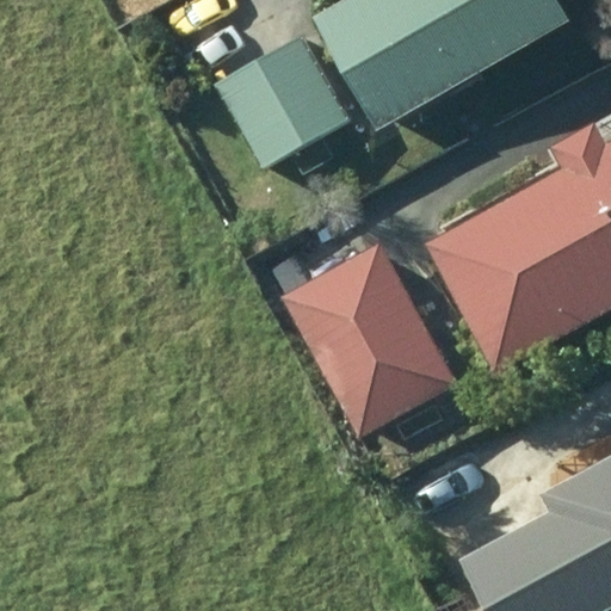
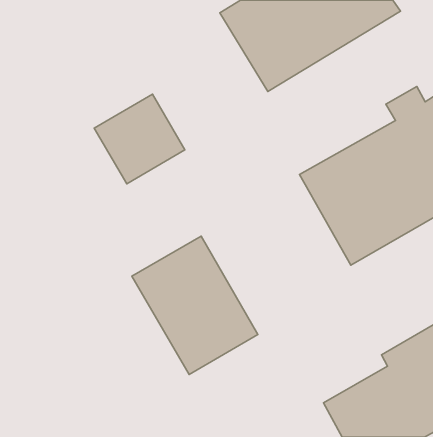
building: [218,41,345,166] -> [94,94,185,184]
building: [283,243,458,437] -> [132,236,258,375]

